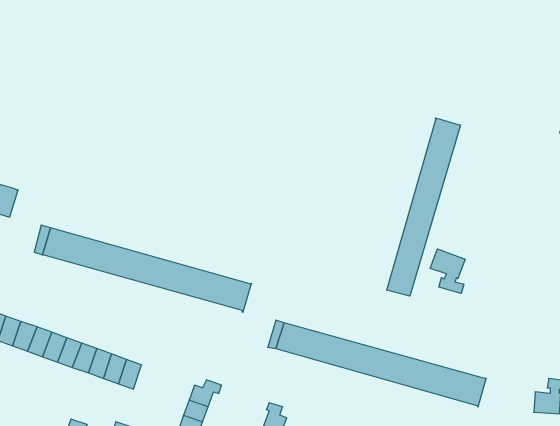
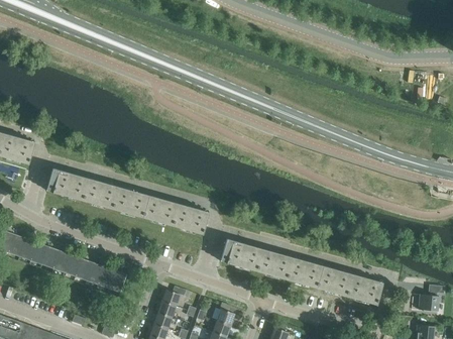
building: [387,118,461,296] -> none
building: [430,249,465,293] -> none

